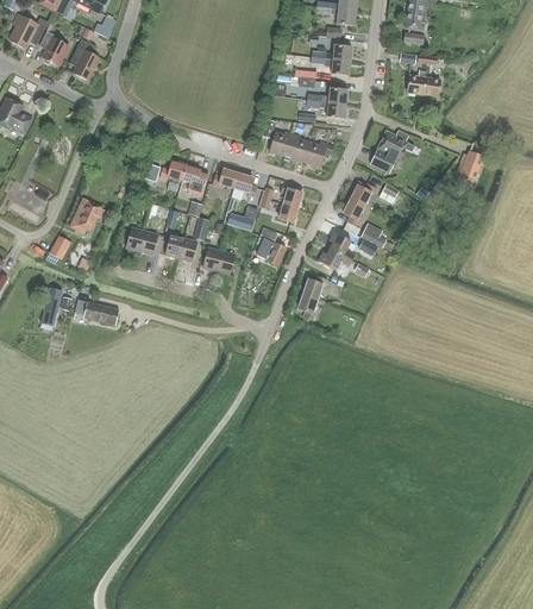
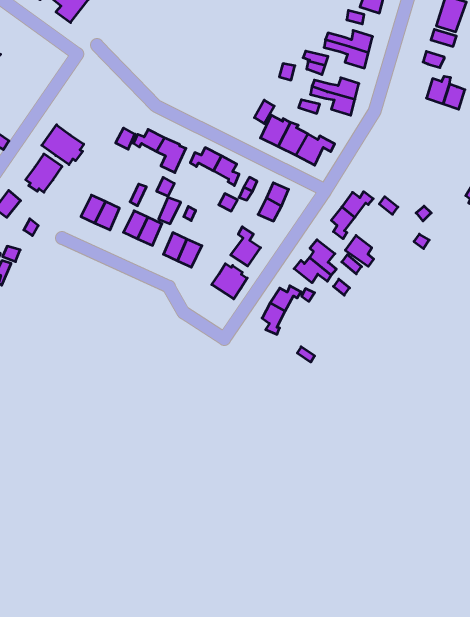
building: [370,130,409,172] -> none
building: none -> [42,125,84,165]
building: none -> [212,264,247,299]
building: [73,299,119,324] -> none

